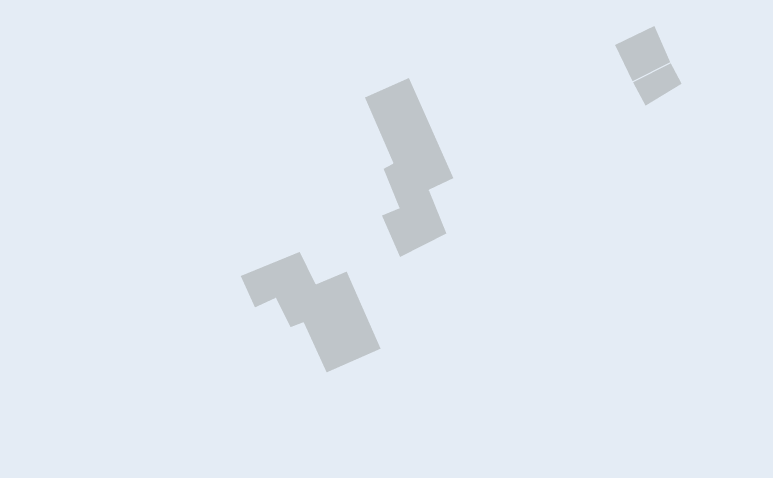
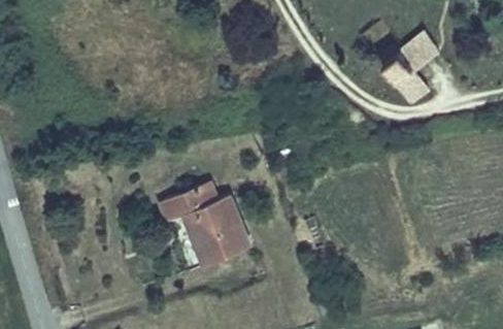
building: [364,77,454,258] -> none

